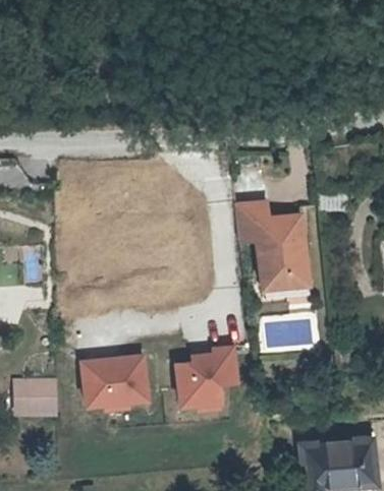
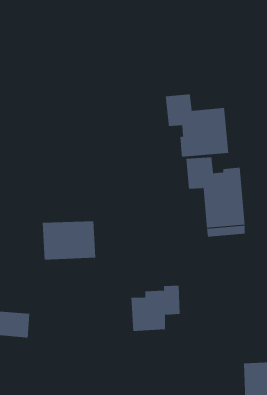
building: none -> [165,93,229,158]
building: [87,352,151,398] -> [42,221,96,260]

